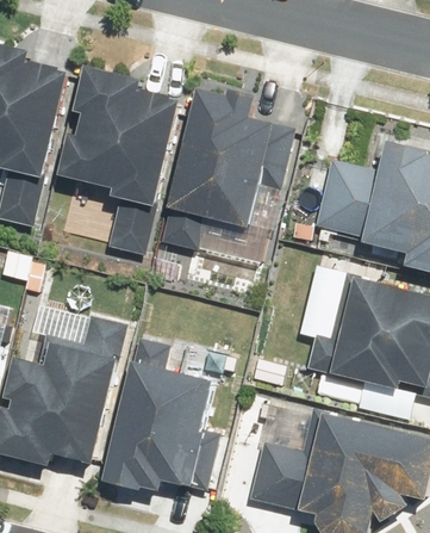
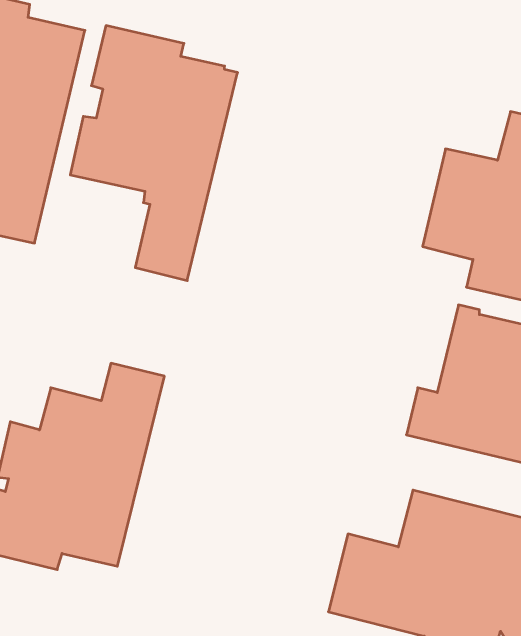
building: [158,88,292,249] -> none
building: [95,336,213,491] -> none

